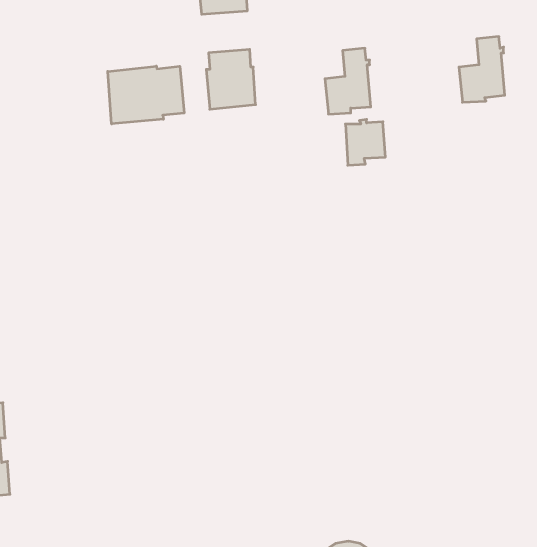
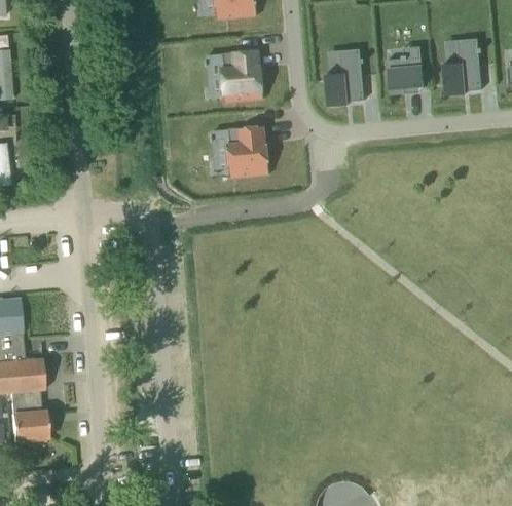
building: [108,66,184,124] -> none
building: [345,119,385,165] -> [388,55,423,95]
building: none -> [226,126,268,178]

